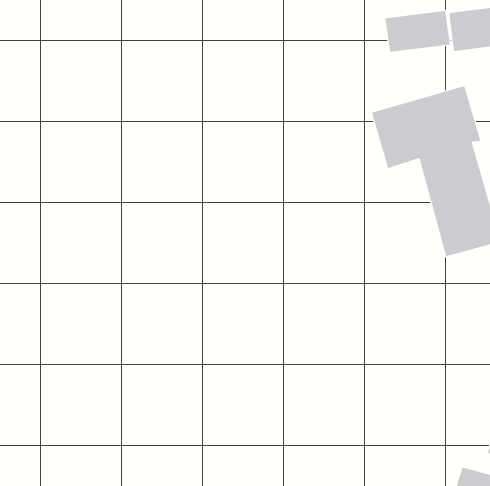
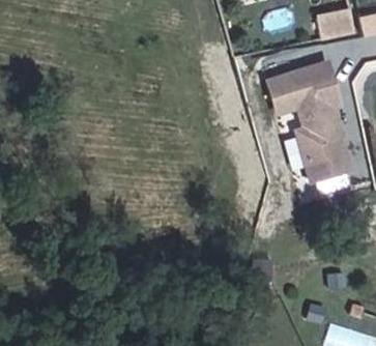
building: [385,10,450,53] -> none

